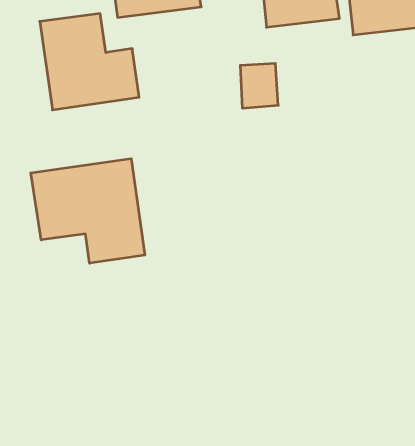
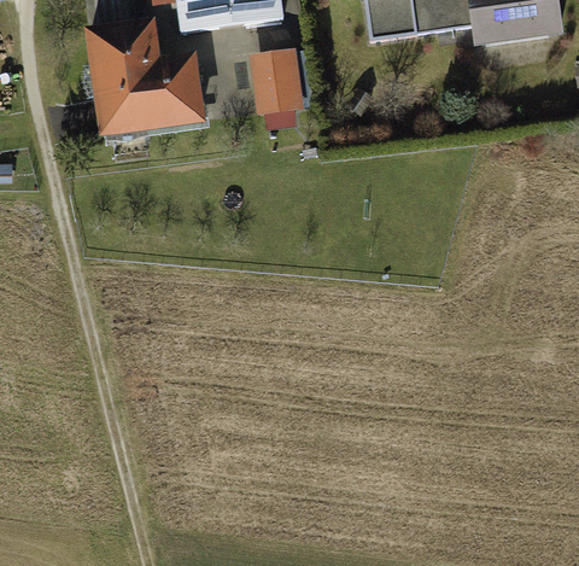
building: [240,63,278,108] -> [253,58,300,113]
building: [31,159,145,263] -> none

